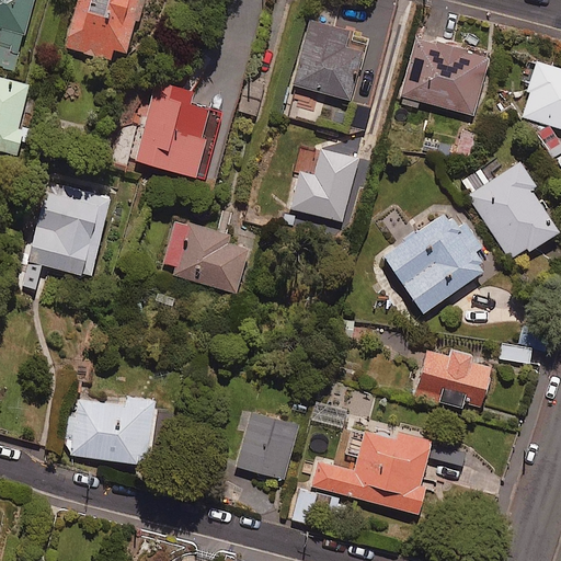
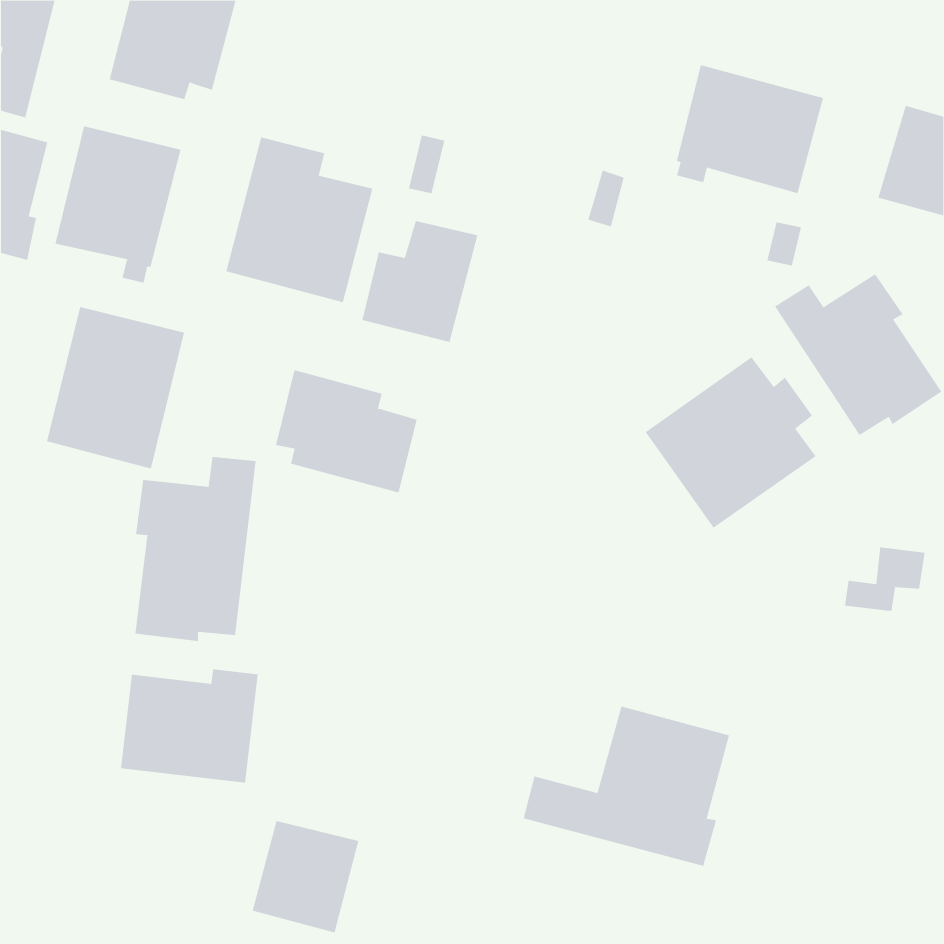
building: [291,20,368,101] -> none
building: none -> [55,125,181,284]
building: [289,149,358,221] -> [362,220,478,342]
building: none -> [135,456,256,642]
building: [416,350,491,407] -> none
building: [234,413,298,480] -> [252,820,359,933]

